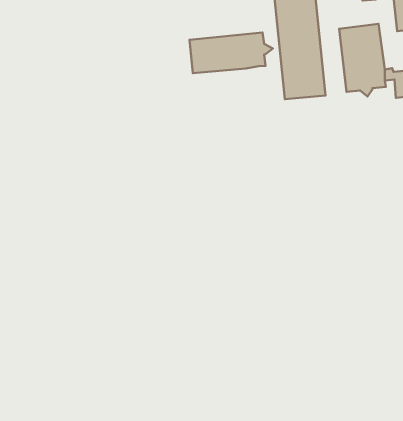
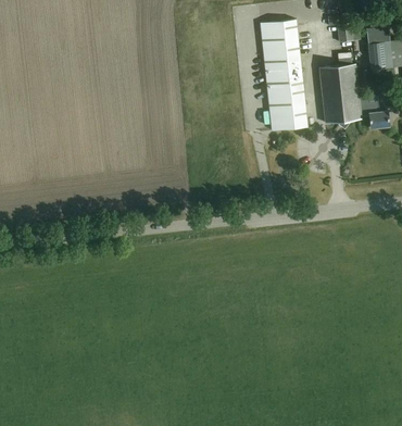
building: [190,32,273,73] -> none

